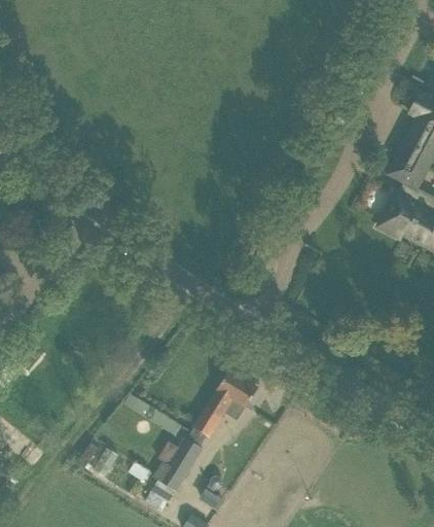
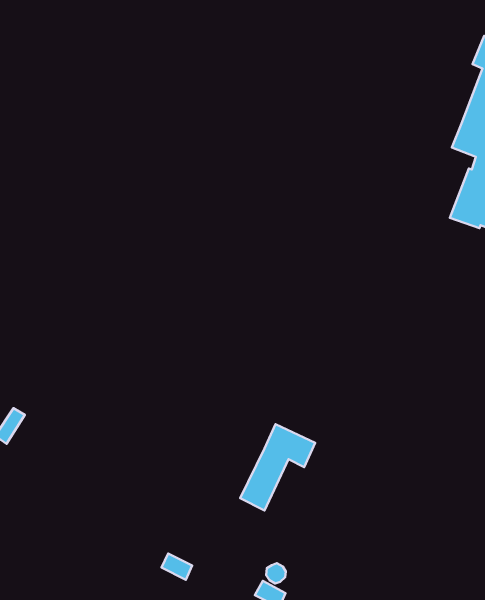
building: [160,438,203,491] -> none

